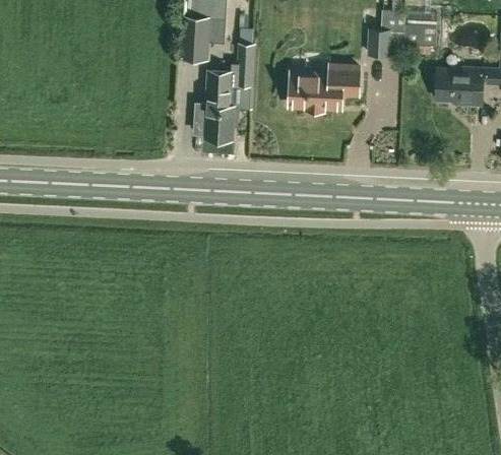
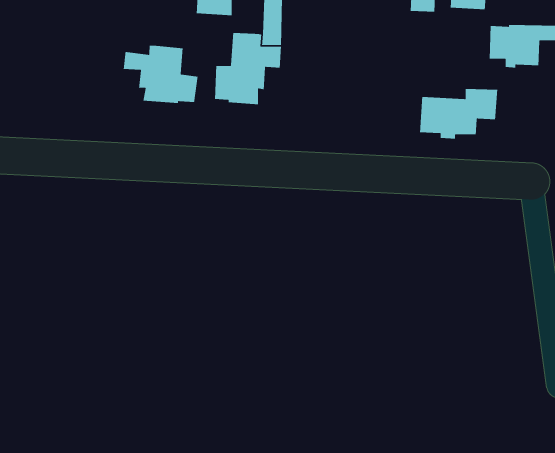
building: [290,65,360,111] -> [419,88,498,140]
building: none -> [123,45,199,104]

